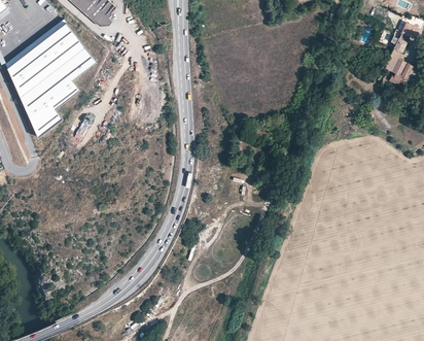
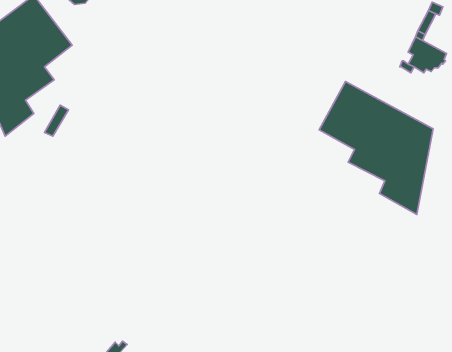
building: none -> [319,81,433,214]

